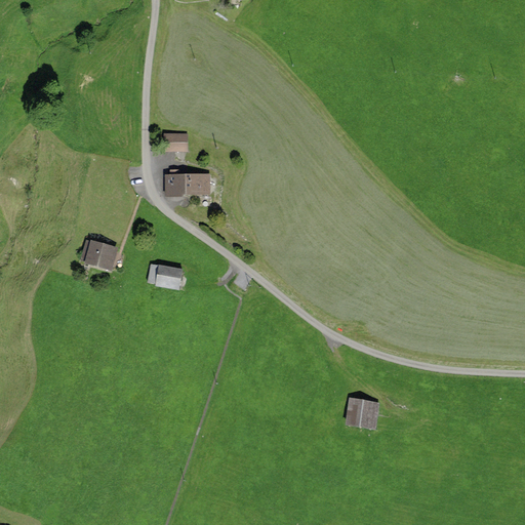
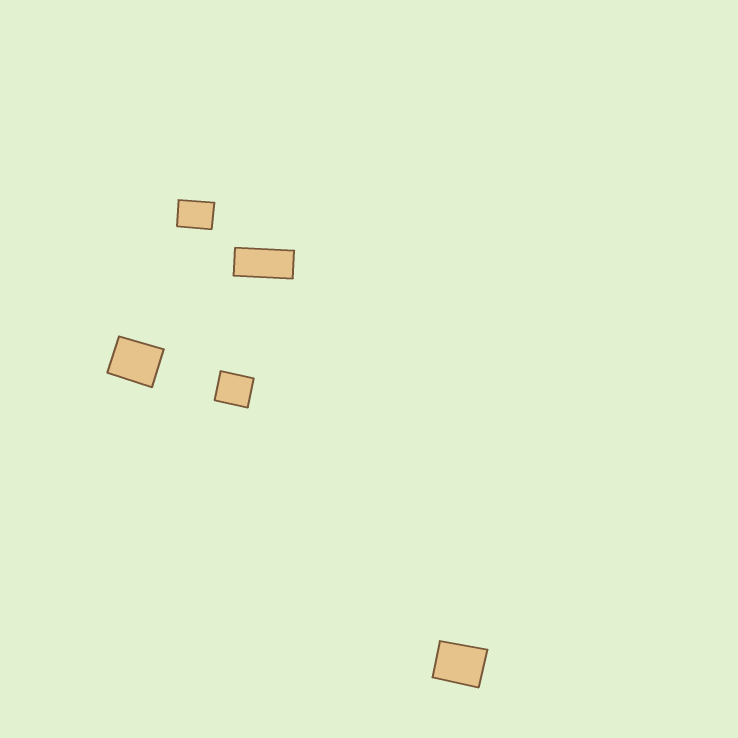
building: [164,130,191,151] -> [177,200,215,229]
building: [341,397,380,430] -> [432,641,488,687]

